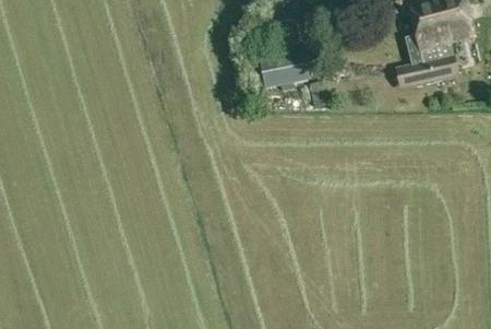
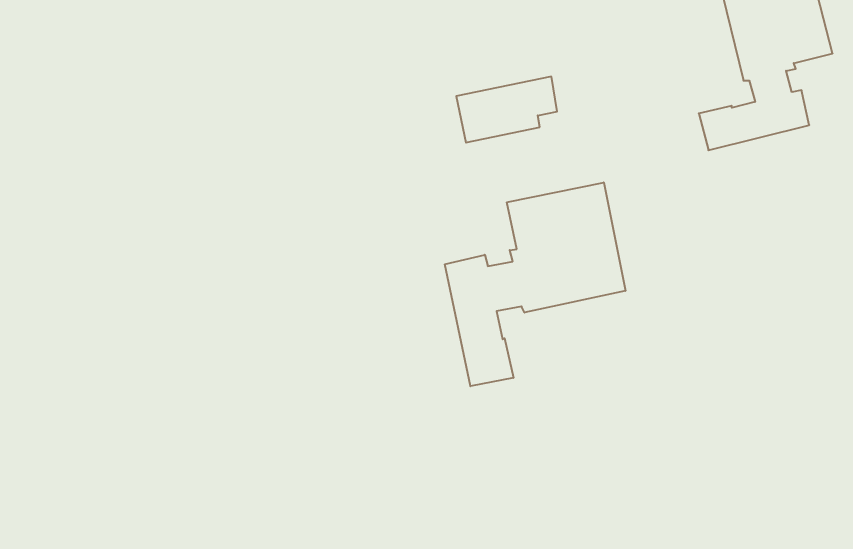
building: none -> [445,182,625,386]

